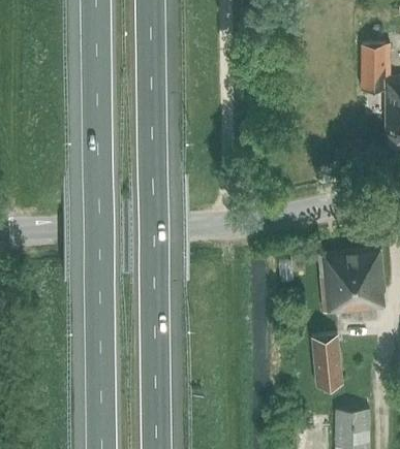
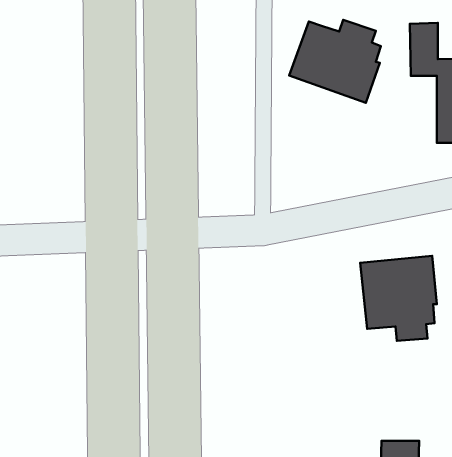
building: none -> [289,20,381,103]
building: [312,335,343,387] -> none

